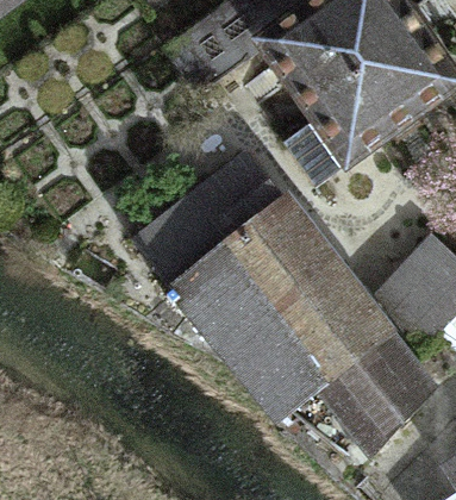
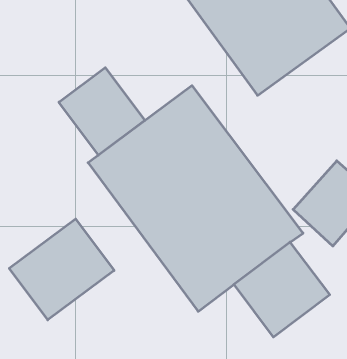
building: none -> [59,68,145,155]
building: none -> [9,219,114,320]

